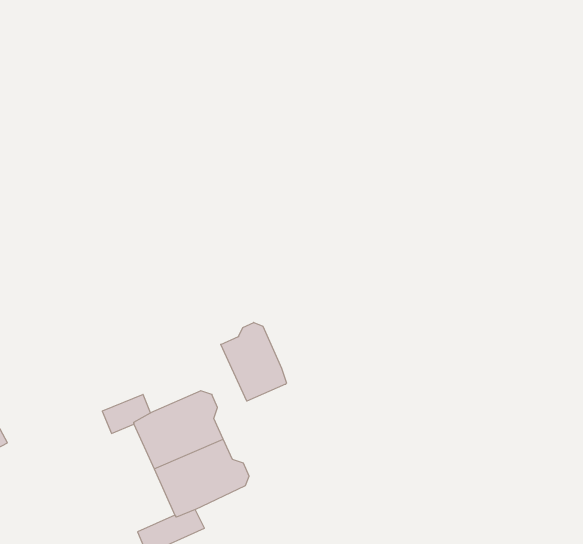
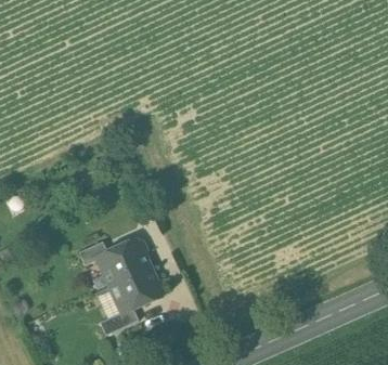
building: [221,322,287,401] -> none

